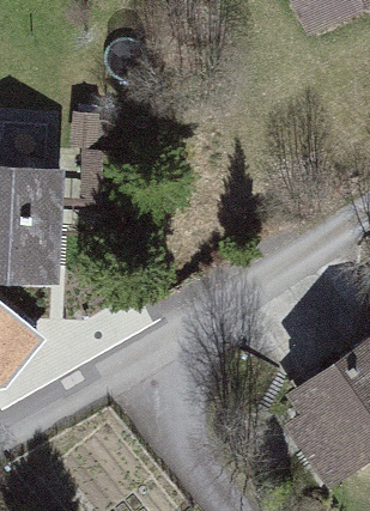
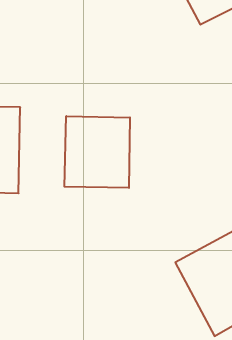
building: none -> [64,116,130,188]

